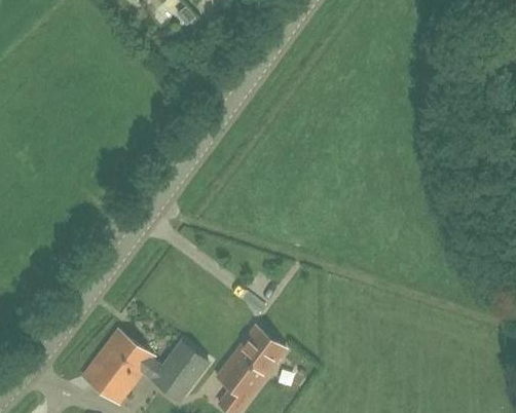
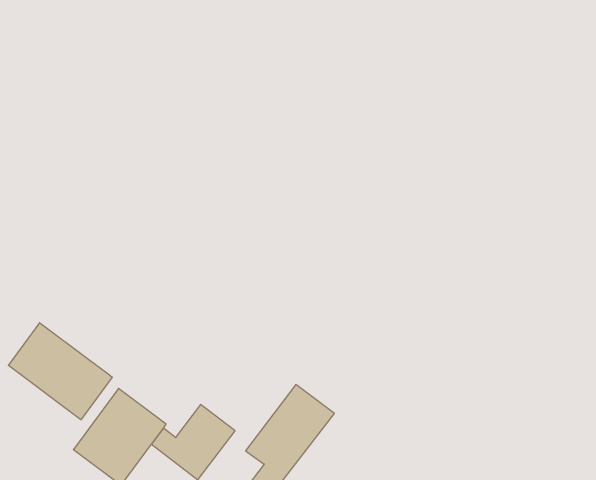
building: none -> [8,323,112,420]

